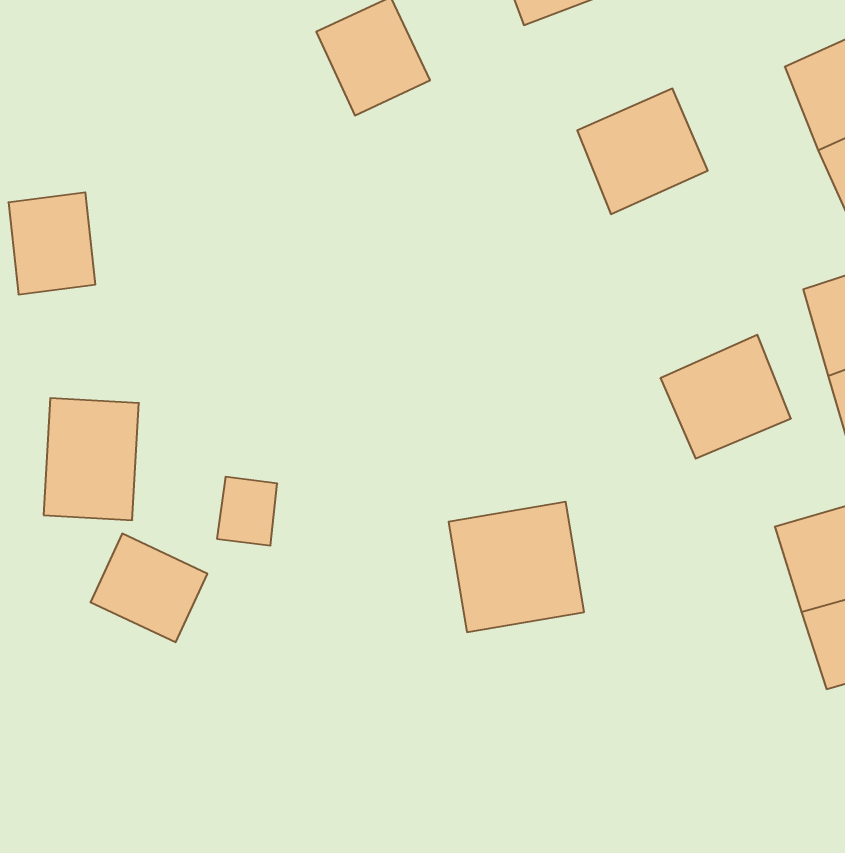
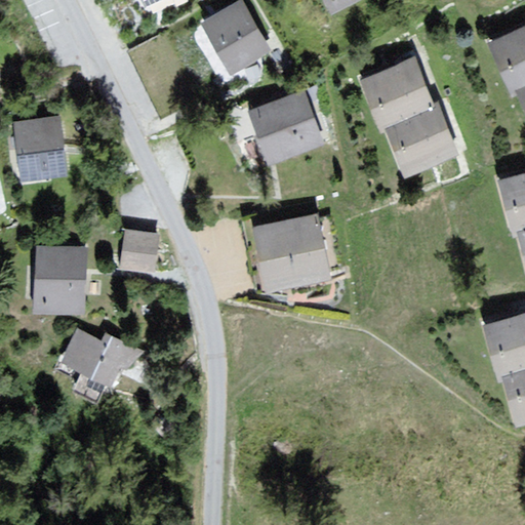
building: none -> [248,90,326,165]
building: [660,335,791,459] -> [380,105,460,180]
building: [217,477,277,545] -> [118,231,155,273]
building: [449,502,584,632] -> [251,212,334,292]

